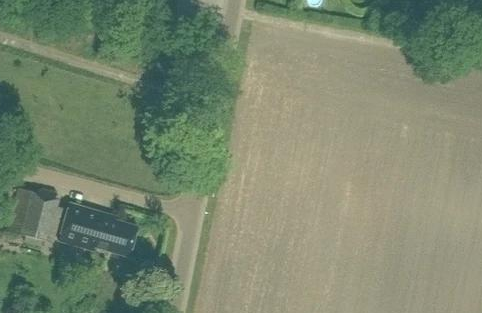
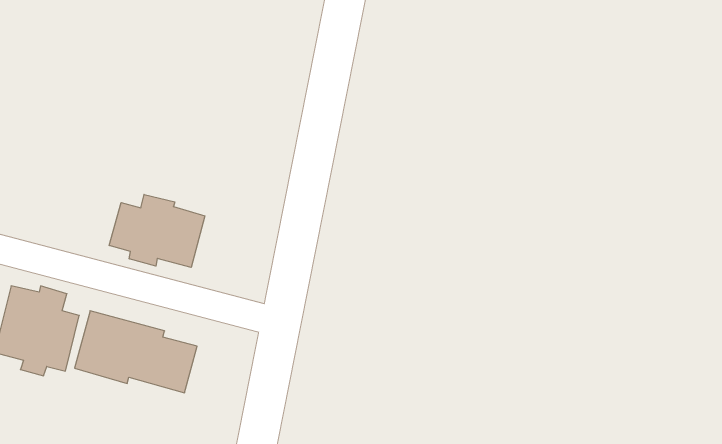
building: none -> [109,194,205,267]

